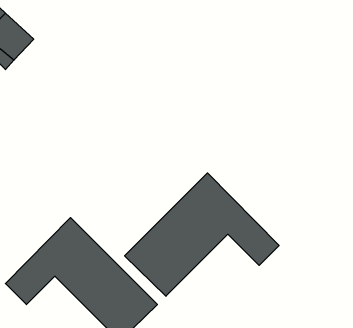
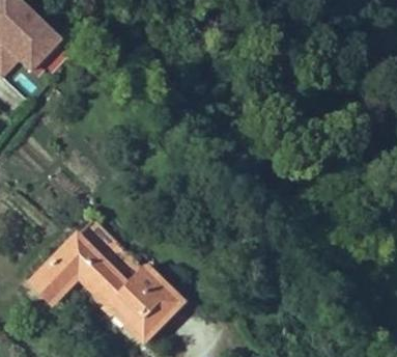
building: [125,173,279,296] -> none

